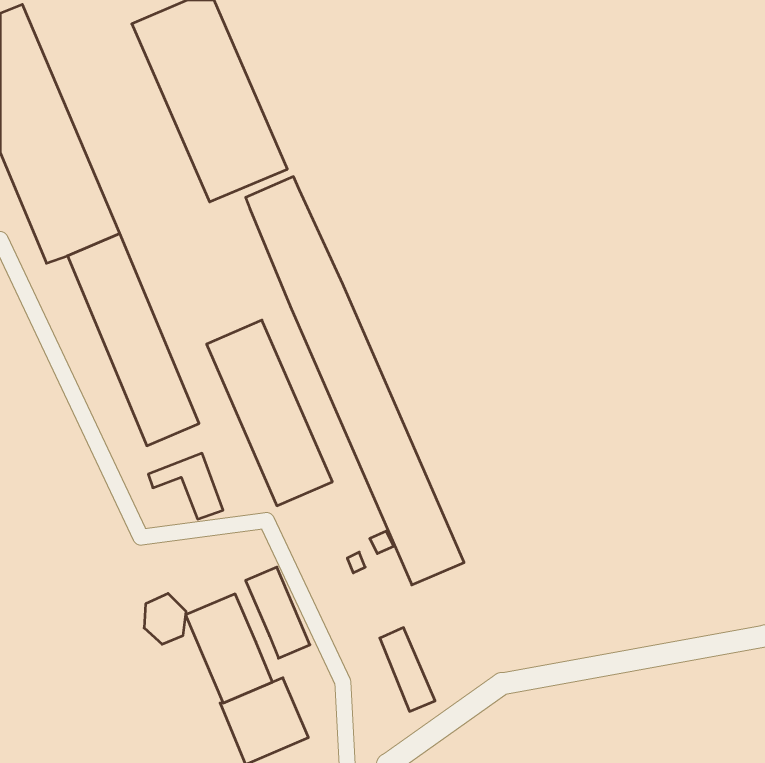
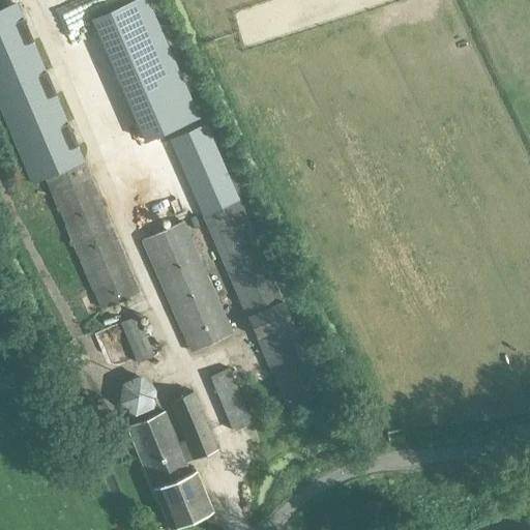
building: [144,593,186,644] -> [121,374,150,409]
building: [380,628,435,711] -> [211,372,249,430]

